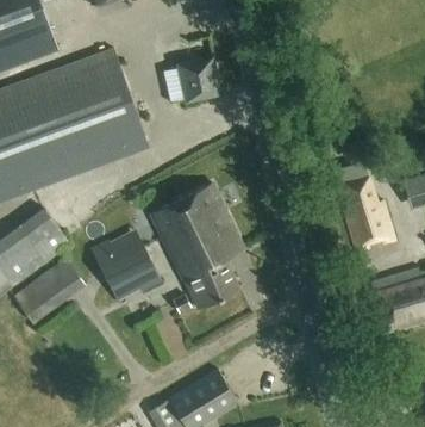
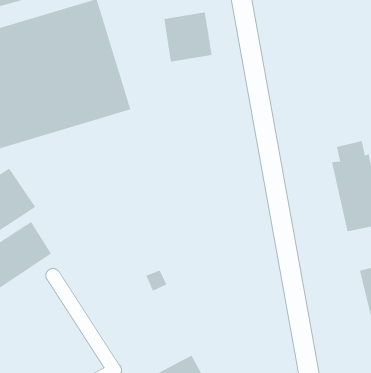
building: [151,184,243,309] -> none
building: [90,228,163,299] -> none

